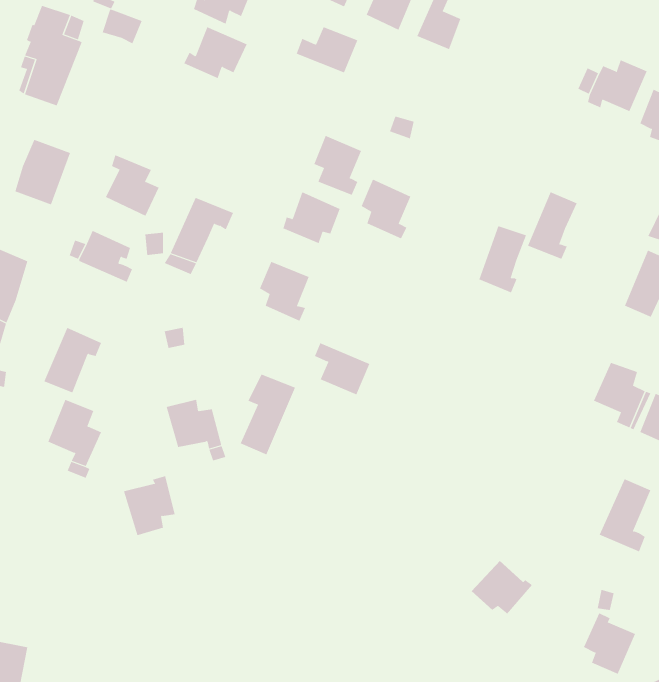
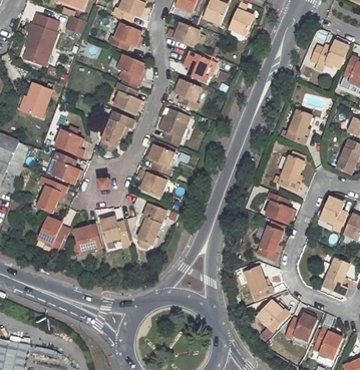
building: none -> [117,55,144,86]
building: [105,154,160,217] -> [113,83,141,115]
building: [361,179,411,239] -> [185,52,211,83]
building: [478,225,527,293] -> [279,154,304,190]
building: none -> [45,151,79,183]
building: [314,343,370,395] -> [137,169,166,197]
building: none -> [266,192,293,223]
building: none -> [257,226,283,261]
building: [123,476,176,536] -> [72,221,99,252]
building: none -> [244,266,274,299]
building: none -> [286,313,317,340]

